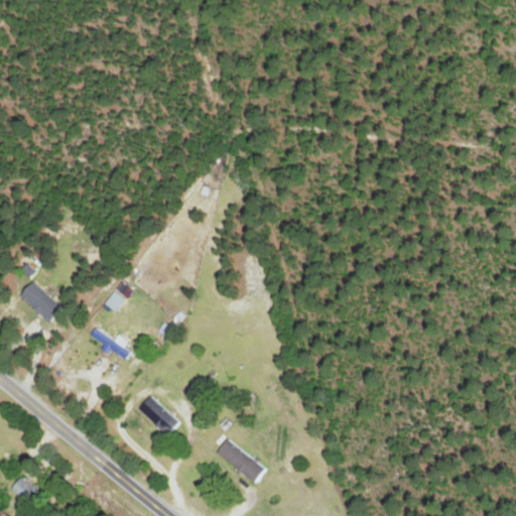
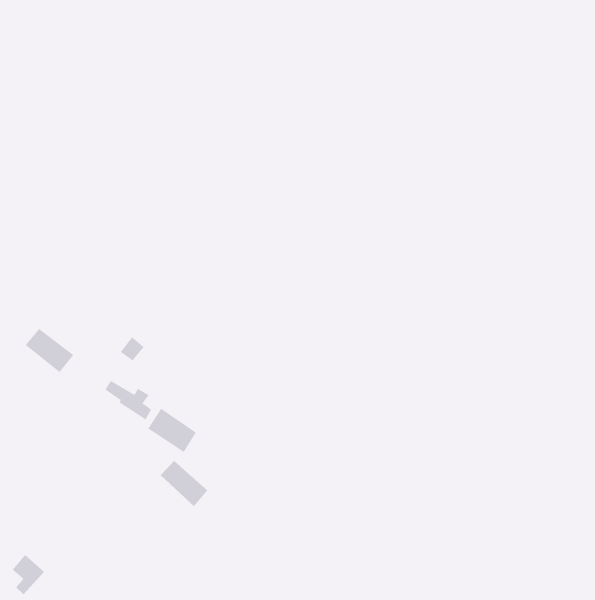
building: none -> [147,408,196,453]
building: [215,437,265,483] -> none

